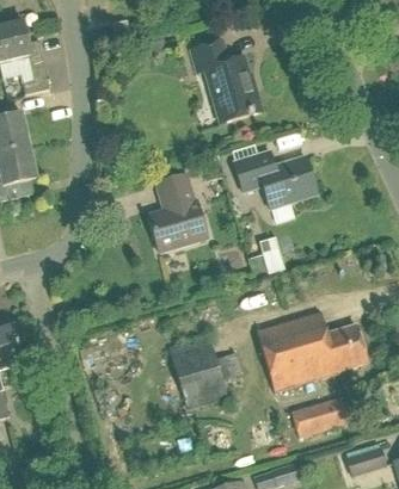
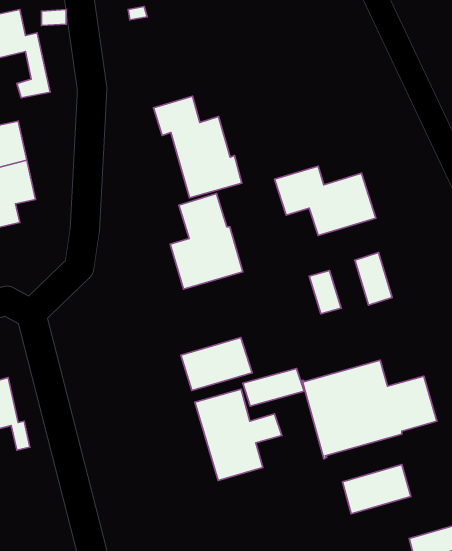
building: [190,38,263,122] -> [153,96,242,198]
building: none -> [355,253,392,305]
building: none -> [181,337,252,391]
building: none -> [243,368,304,406]

